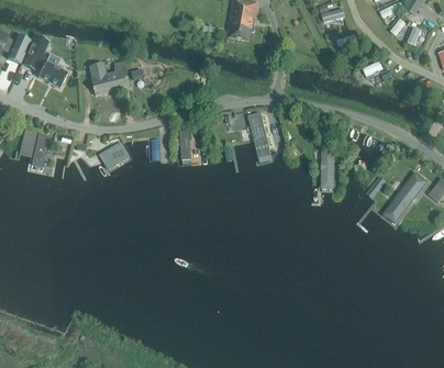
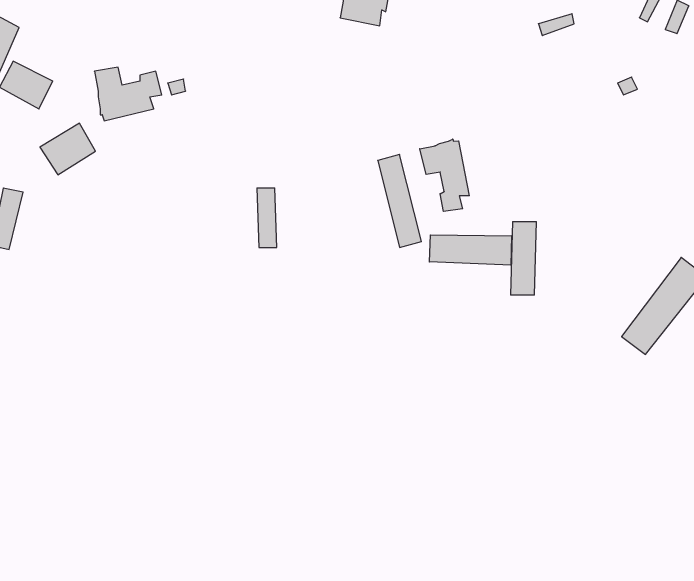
building: none -> [420,139,469,211]
building: [99,141,130,169] -> [40,123,95,175]
building: none -> [429,235,512,265]

